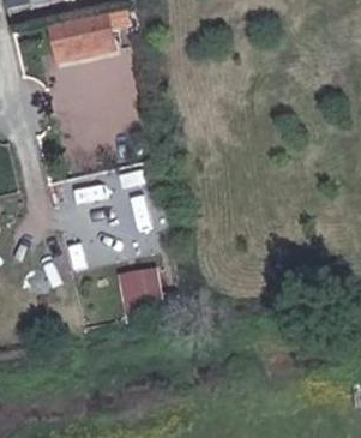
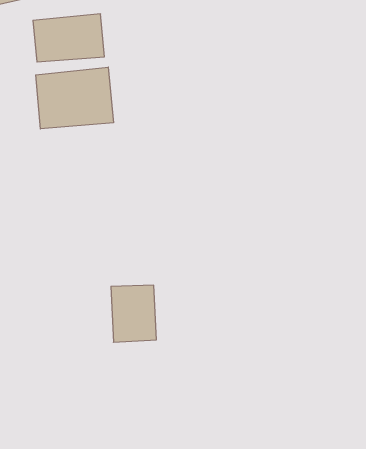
building: none -> [36,67,113,129]

